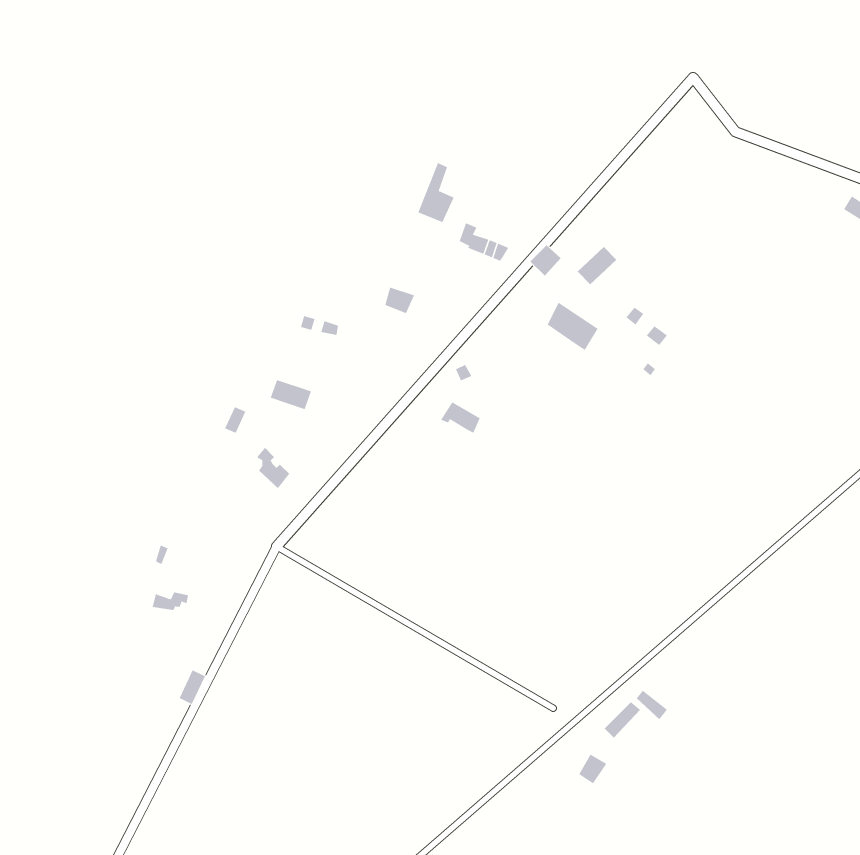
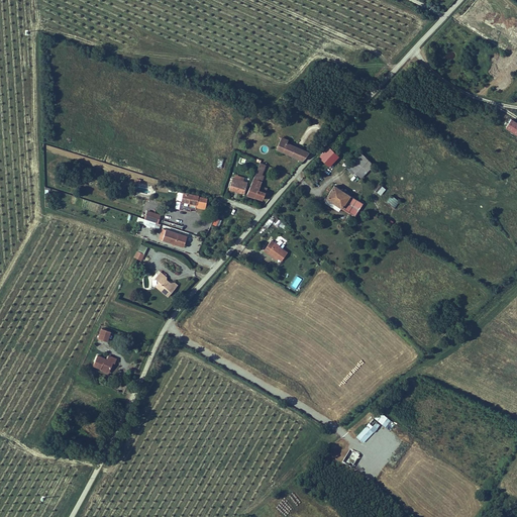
building: [417,162,455,223] -> [247,163,270,199]

